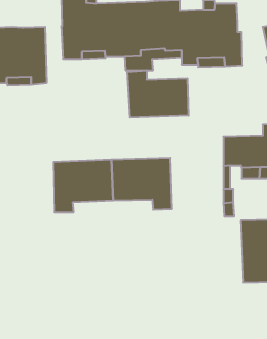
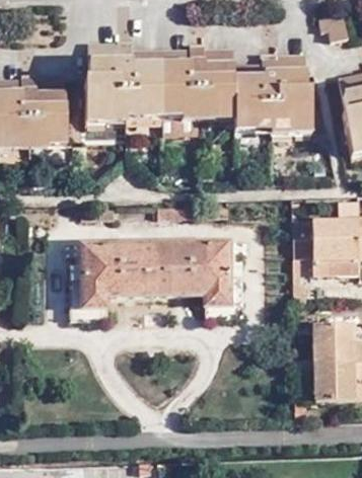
building: [127,70,189,117] -> none

